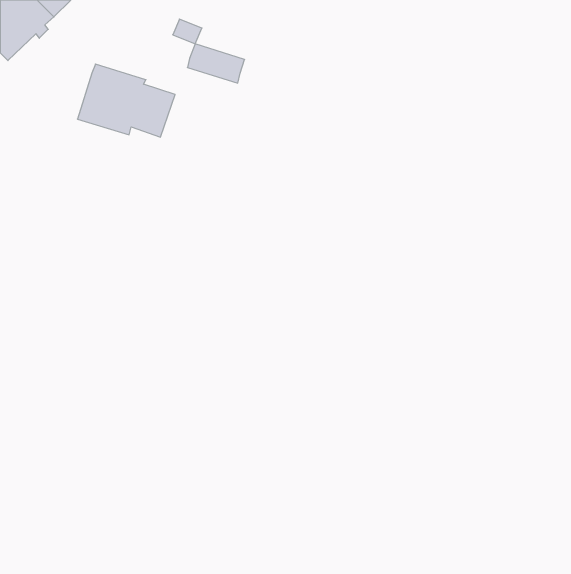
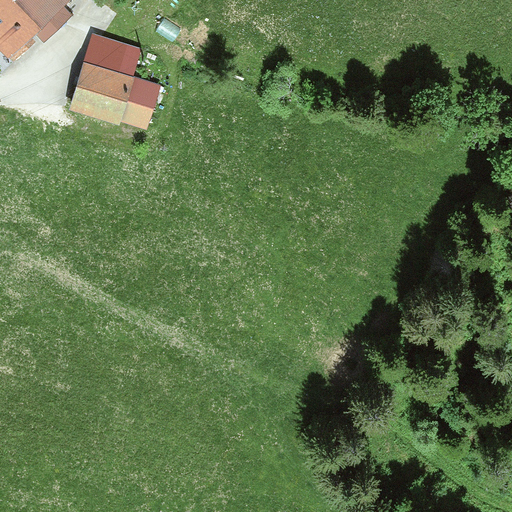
building: [187,44,245,83] -> [87,36,138,71]

